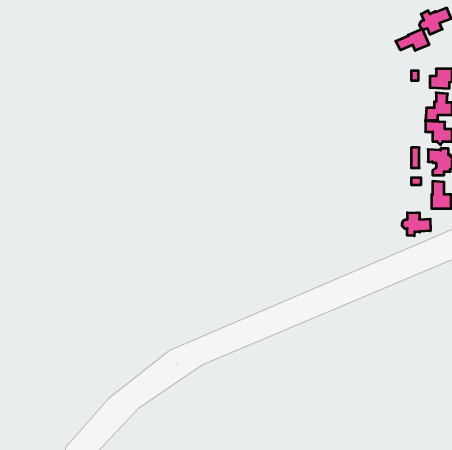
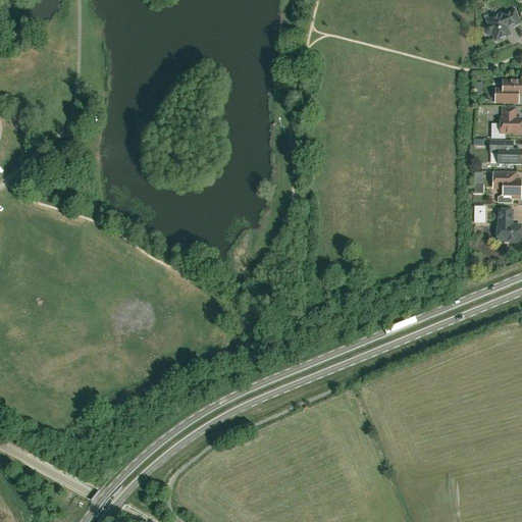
building: [396,29,429,51] -> none
building: [402,213,430,236] -> none

